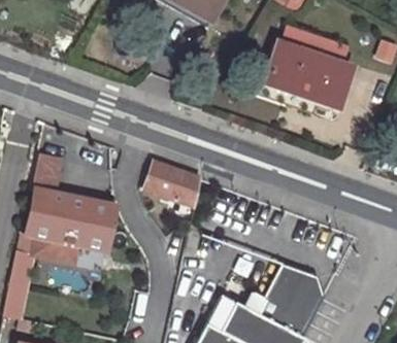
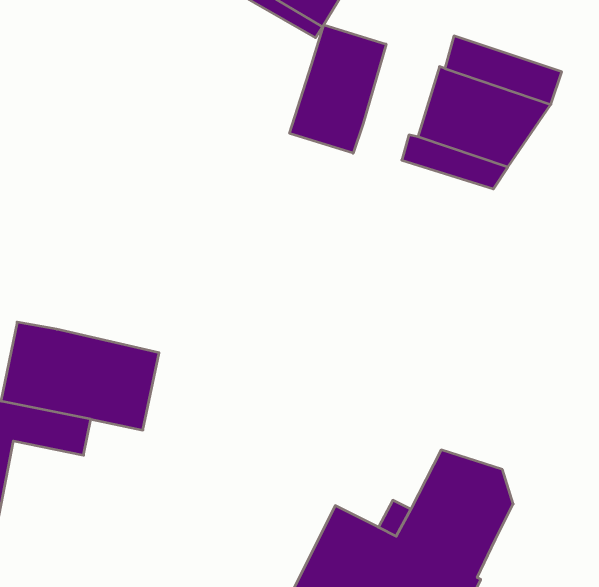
building: none -> [290,25,386,153]
building: [36,155,67,194] -> none
building: [144,162,204,208] -> none

